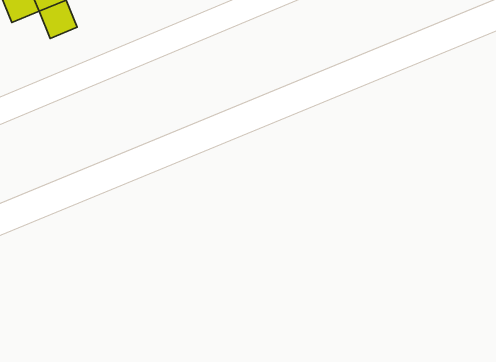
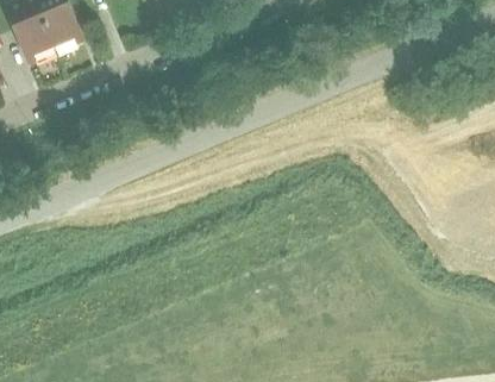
building: none -> [15,23,52,60]

